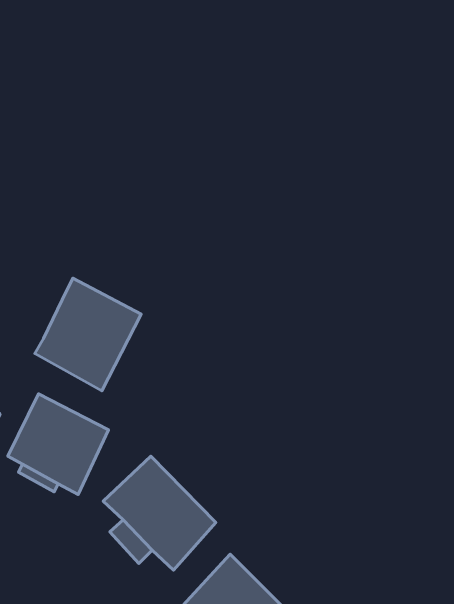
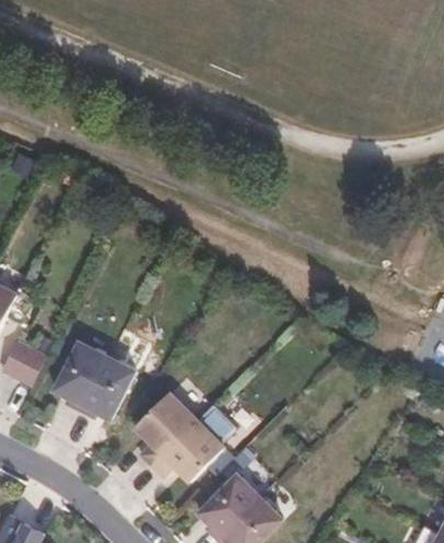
building: [35,278,141,391] -> none

